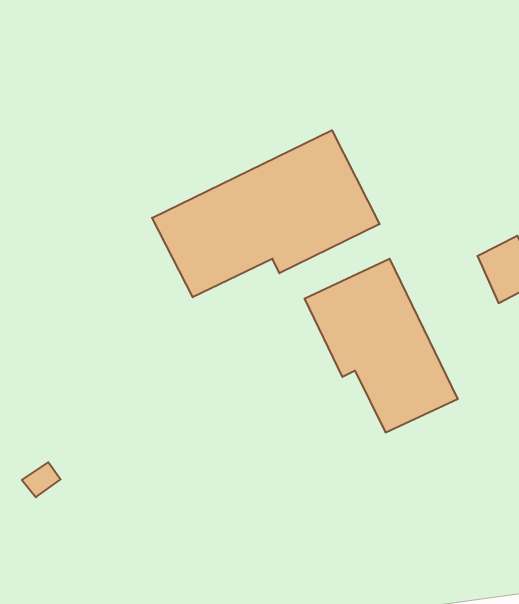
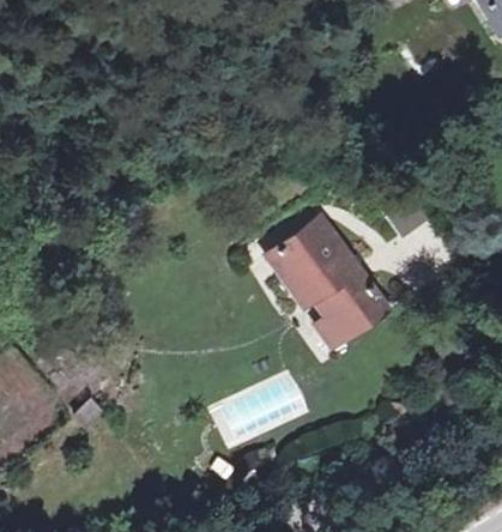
building: [152,130,380,297] -> none

